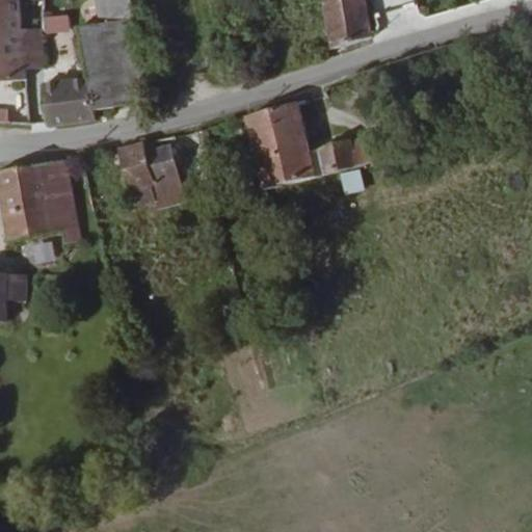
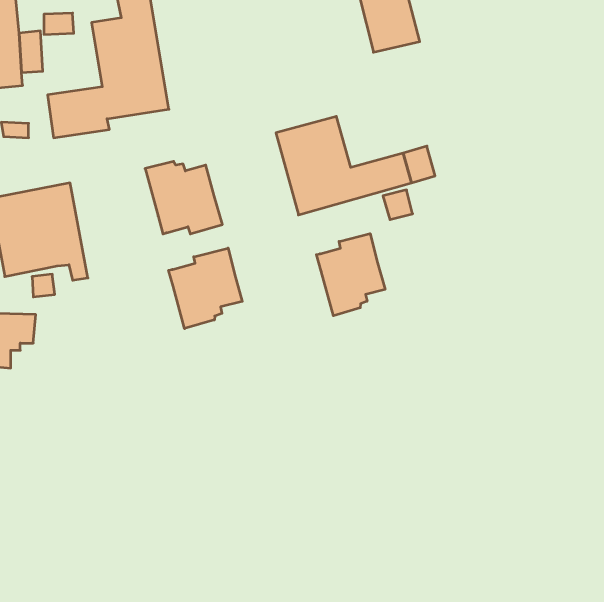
building: none -> [316,234,385,316]
building: none -> [169,248,242,329]

